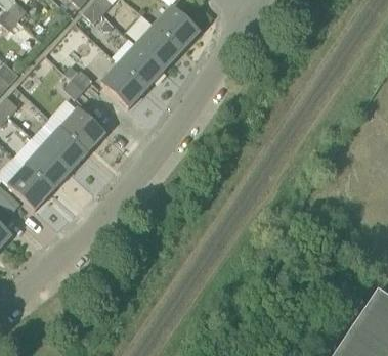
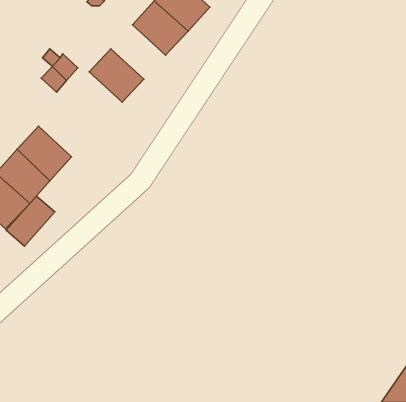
building: [119,45,163,89] -> none
building: [60,107,104,151] -> none
building: none -> [6,196,55,246]

